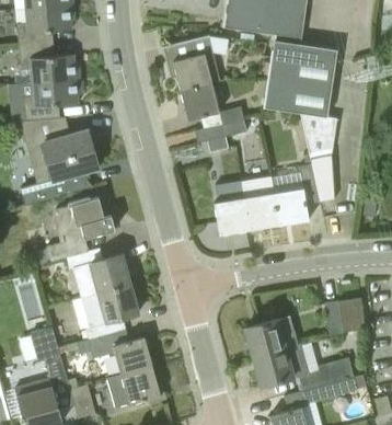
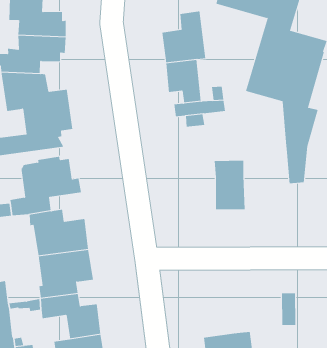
building: [273,164,320,226] -> none
building: [214,198,249,236] -> none
building: [338,298,365,332] -> none
building: [245,320,285,357] -> none

